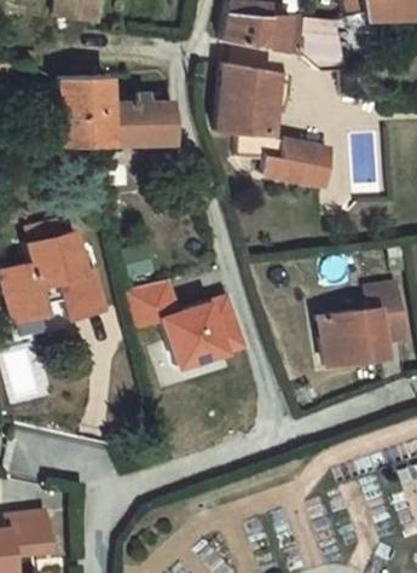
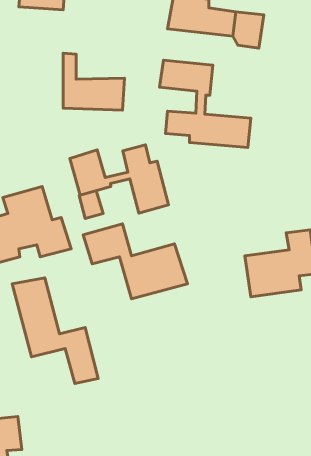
building: [66,69,99,139] -> none
building: [212,112,260,144] -> none
building: none -> [70,145,168,213]
building: none -> [12,278,98,383]

